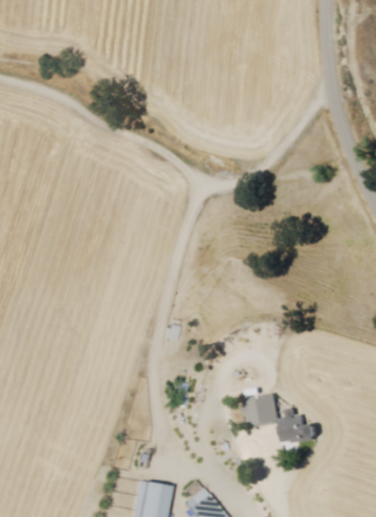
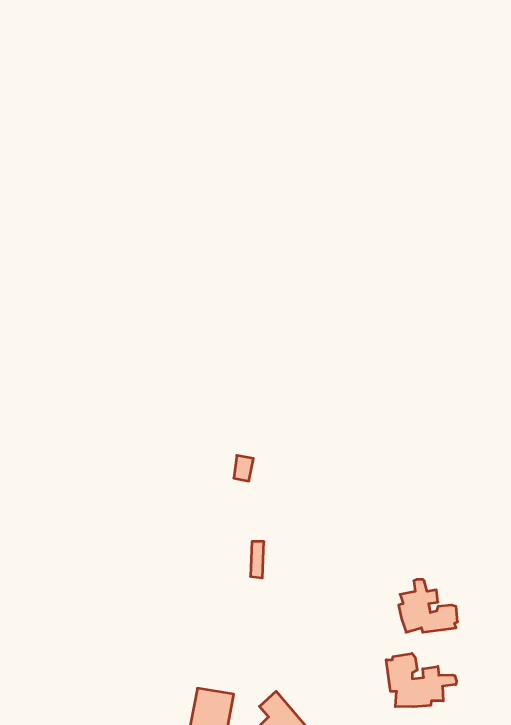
building: [244,395,280,429] -> none
building: none -> [386,653,457,707]

